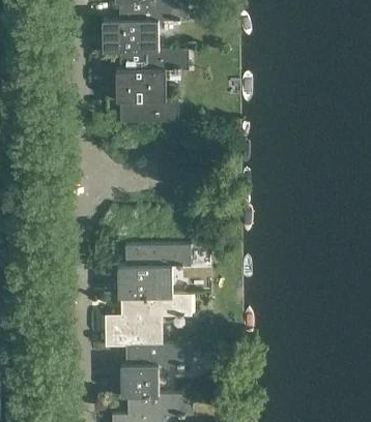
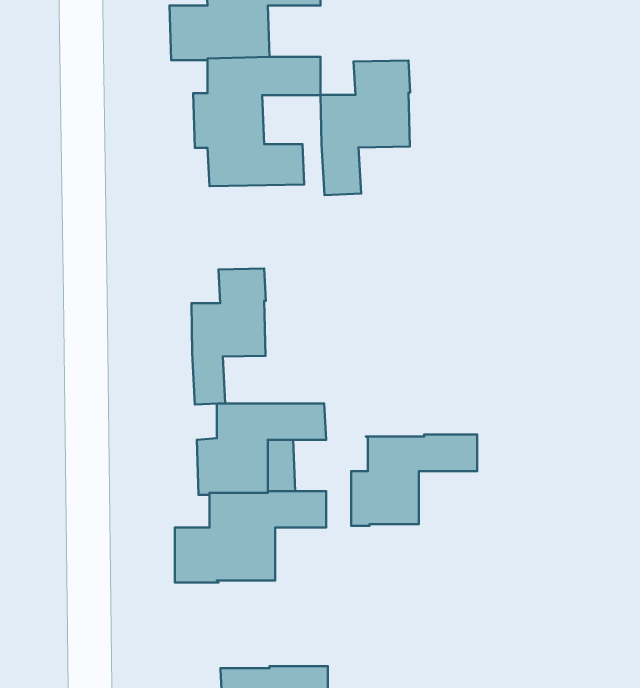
building: none -> [321,61,410,195]
building: none -> [191,269,266,405]
building: [119,344,191,396] -> [351,435,477,526]

